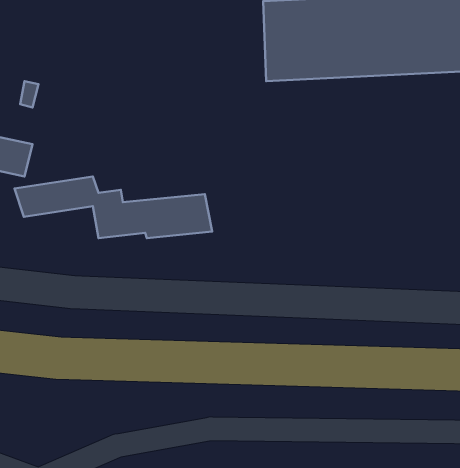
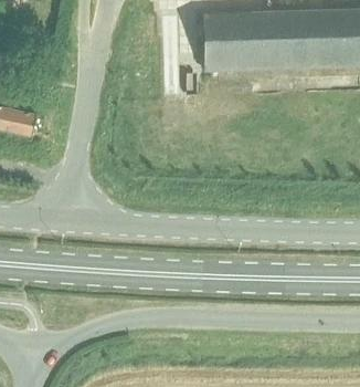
building: [15,177,212,238] -> none

